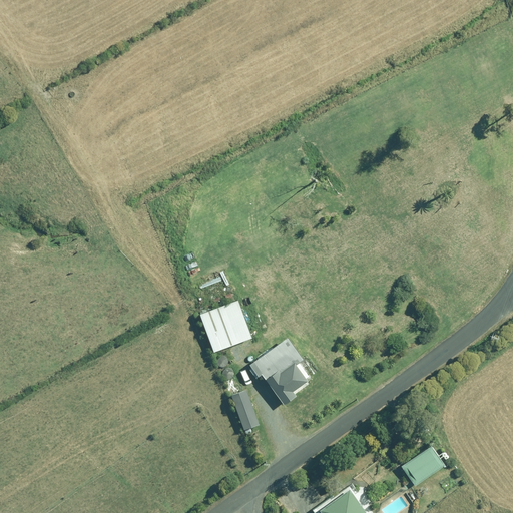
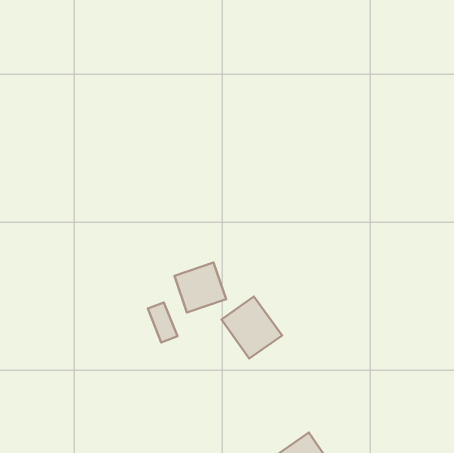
building: [227,386,261,431] -> [148,302,177,342]
building: [400,446,442,486] -> none

